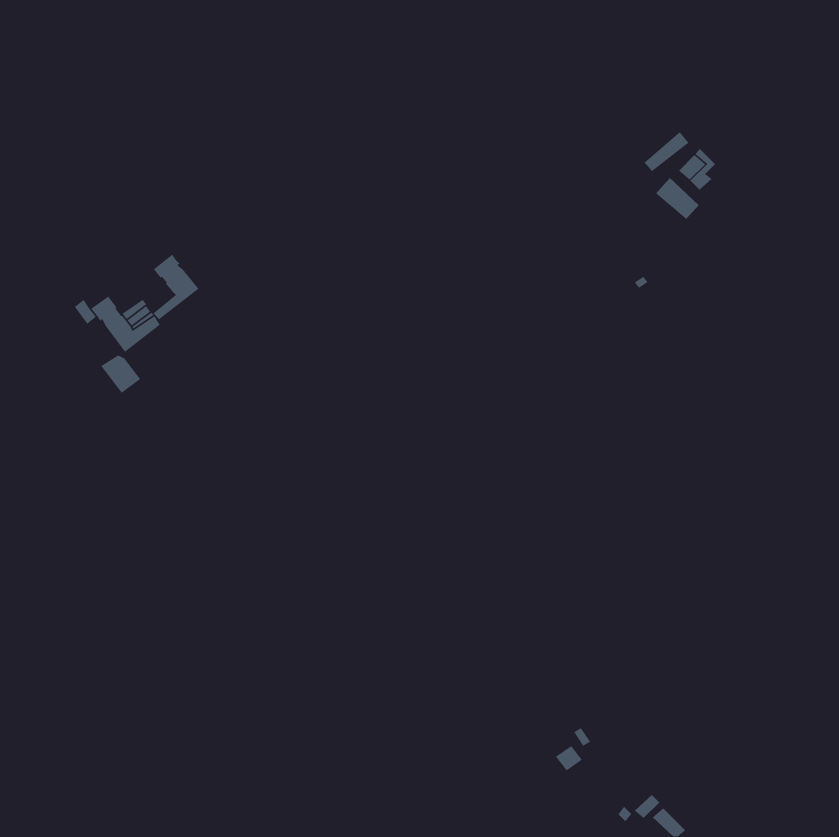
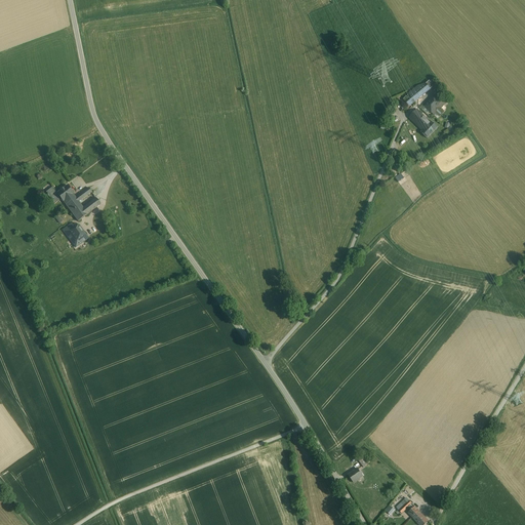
building: [153,254,199,320] -> none

